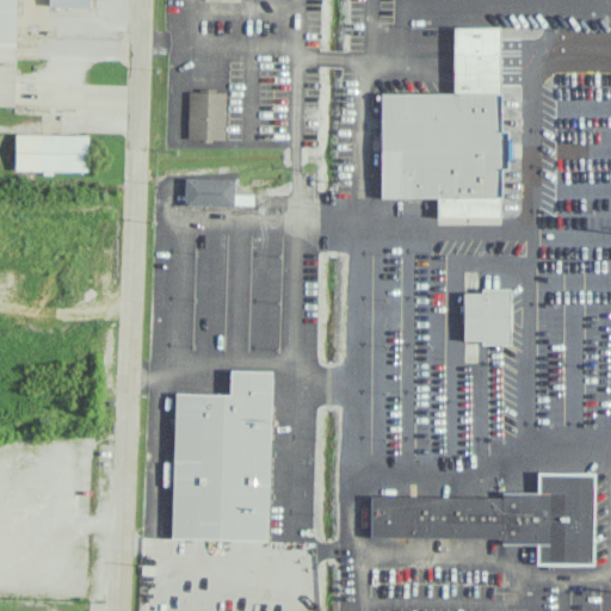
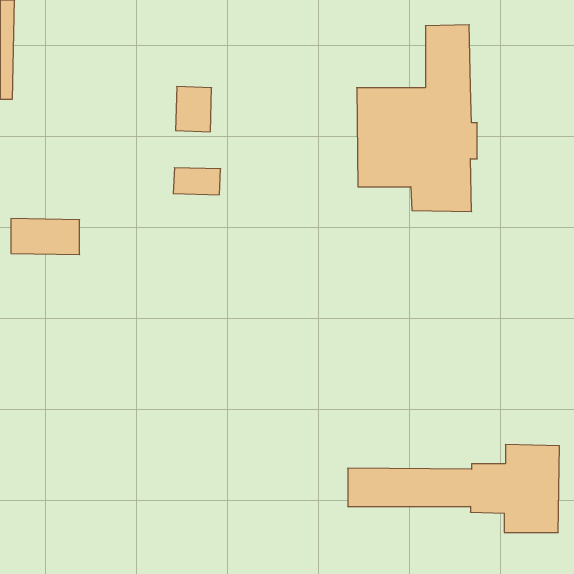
building: [16,135,88,173] -> [11,219,80,255]
building: [463,290,510,345] -> none
building: [171,371,272,541] -> none

